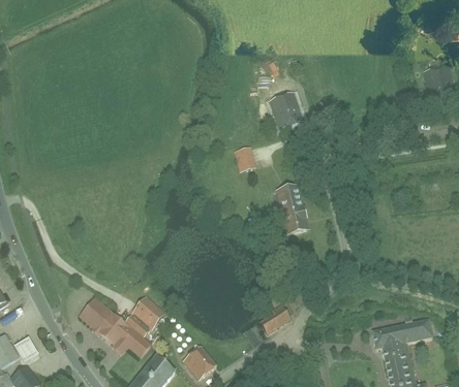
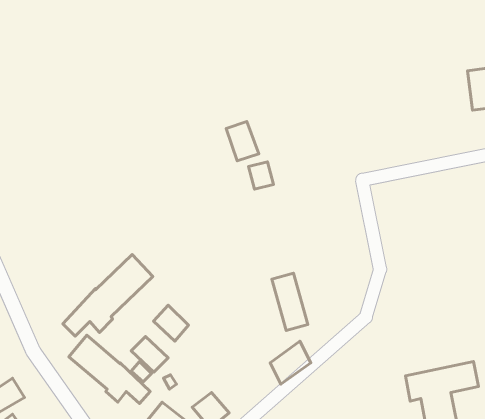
building: [268,95,296,129] -> [226,121,259,161]
building: [272,185,303,234] -> [272,273,308,330]
building: none -> [63,254,153,336]
building: none -> [154,305,188,341]

